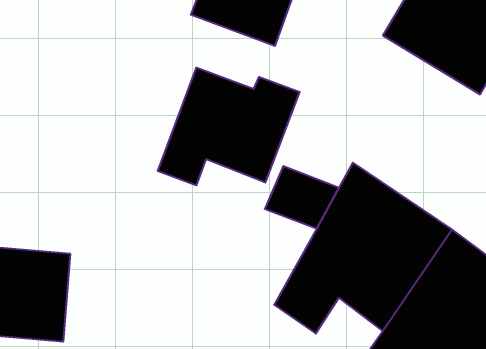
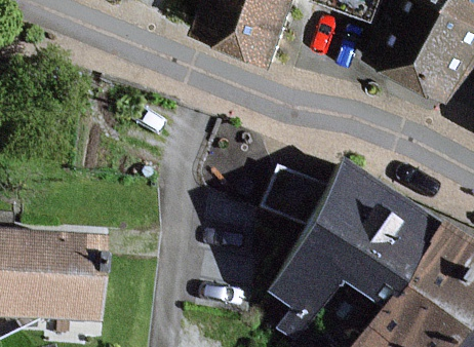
building: [158,68,300,185] -> none

